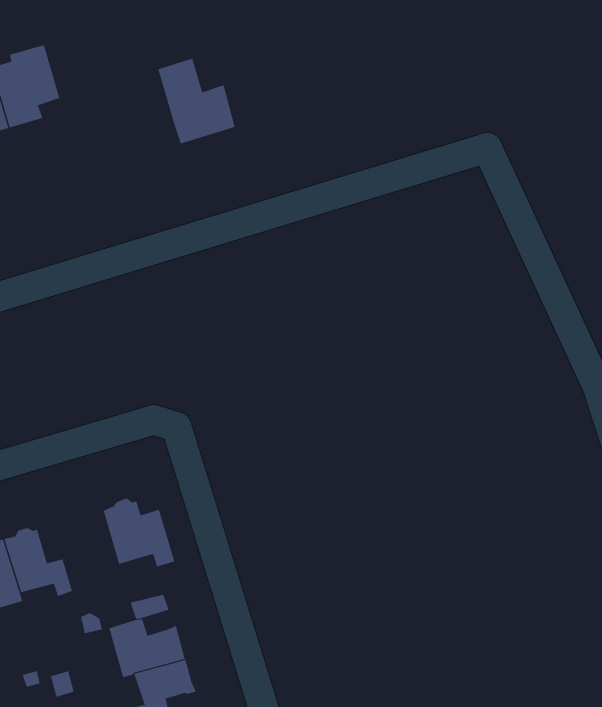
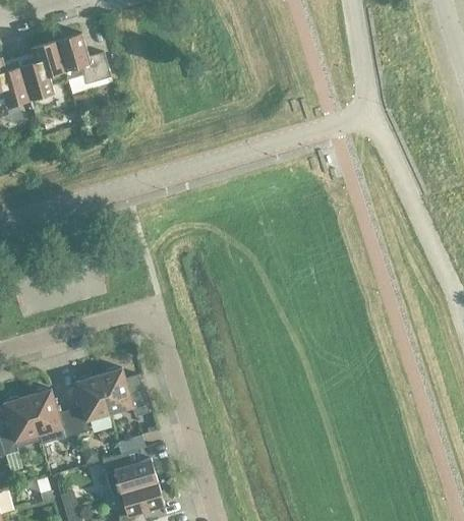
building: [157,58,235,144] -> [55,34,111,96]
building: none -> [68,377,108,435]

